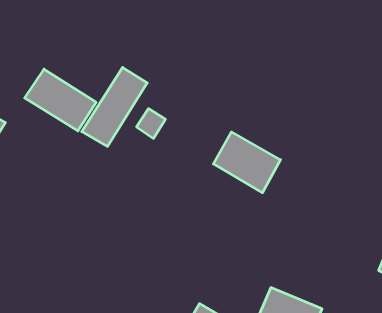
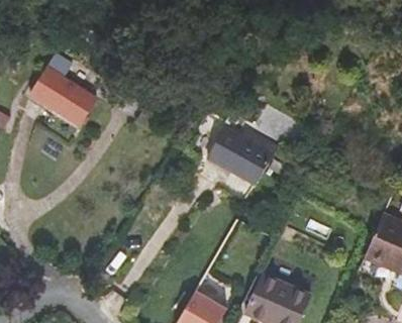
building: [82,67,147,146] -> none

